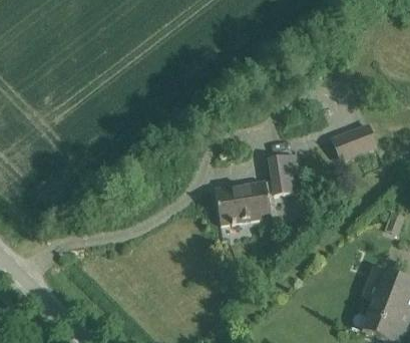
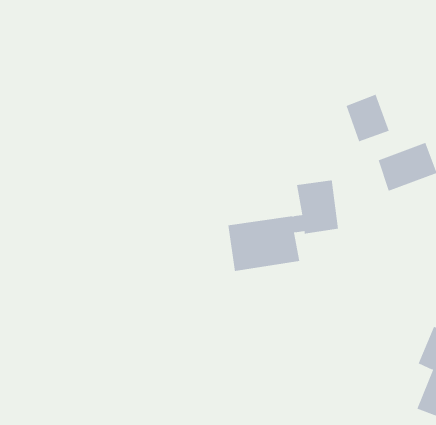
building: none -> [346,94,390,142]

